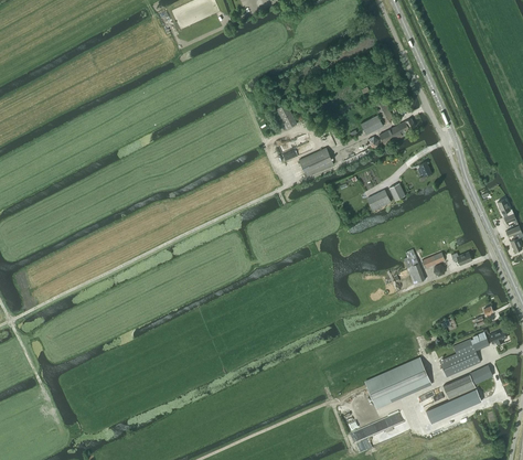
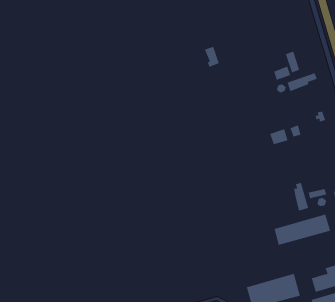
building: [298,148,332,176] -> none
building: none -> [273,213,331,246]

